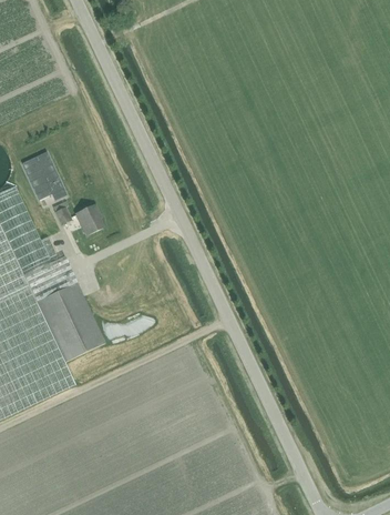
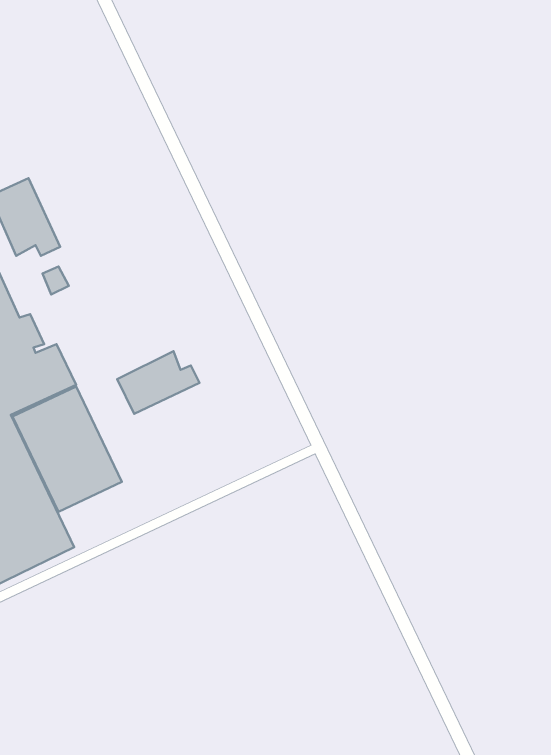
building: [76,204,103,234] -> none
building: none -> [117,351,199,414]

